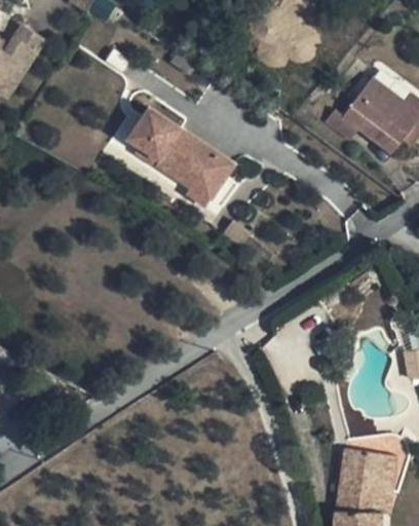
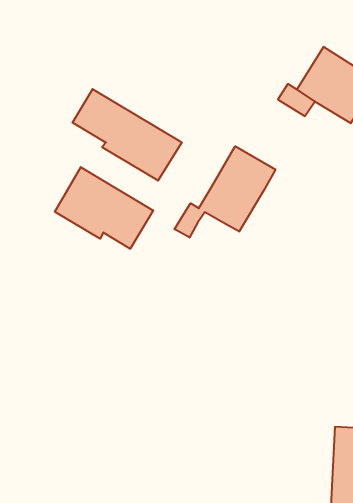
building: none -> [174,146,275,238]
building: none -> [55,167,153,249]

